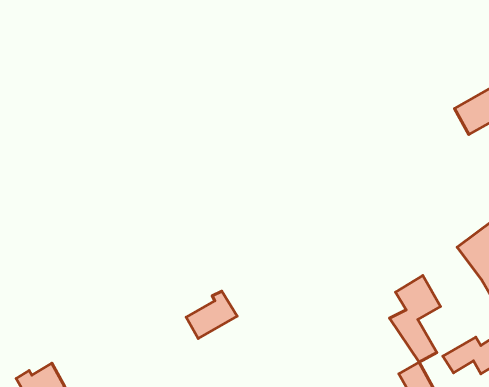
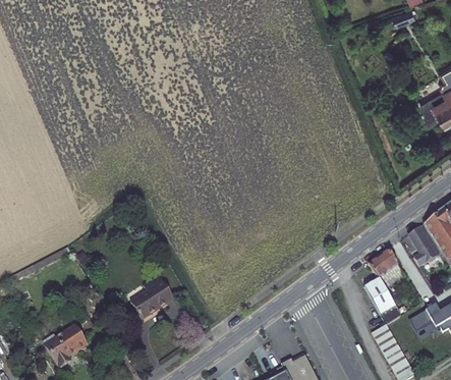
building: none -> [400,224,441,267]
building: [186,291,237,339] -> [129,279,173,320]

